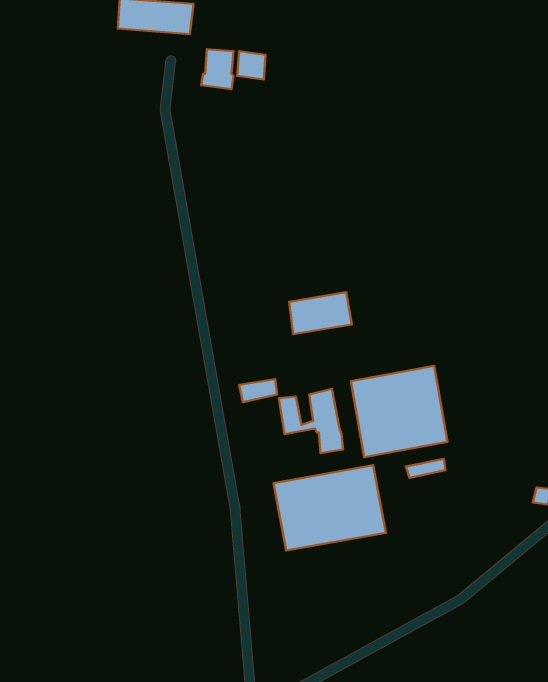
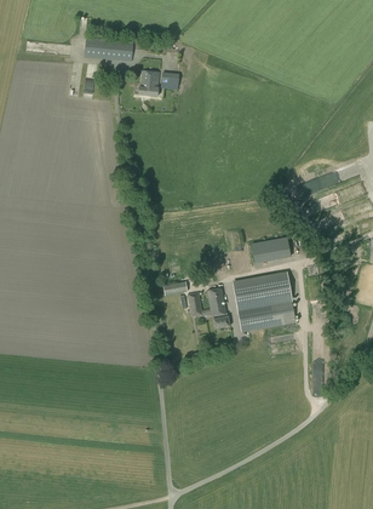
building: [289,292,352,334] -> [251,236,291,263]
building: [273,465,386,551] -> none

